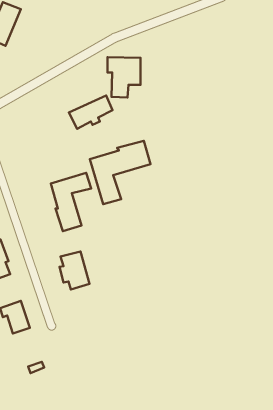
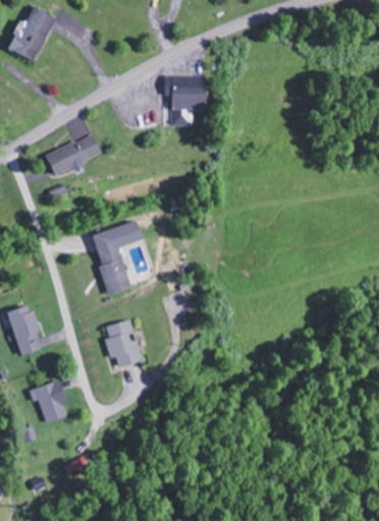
building: [69,96,113,129] -> [45,133,100,175]
building: [90,141,151,204] -> none

